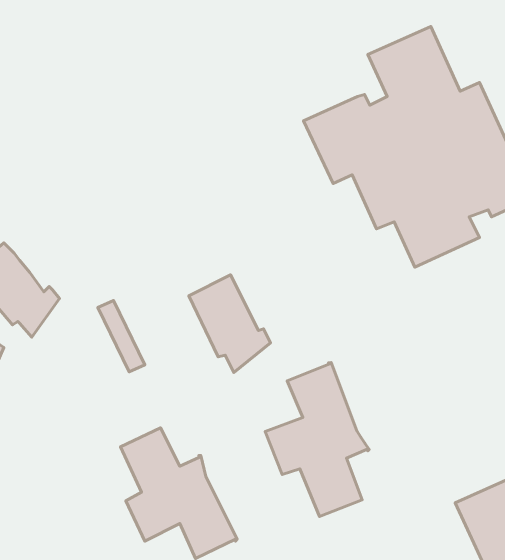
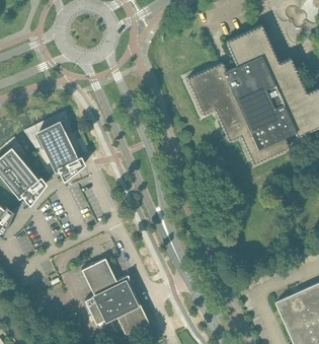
building: [189,275,271,372] -> [36,124,84,181]
building: [265,363,369,517] -> none

